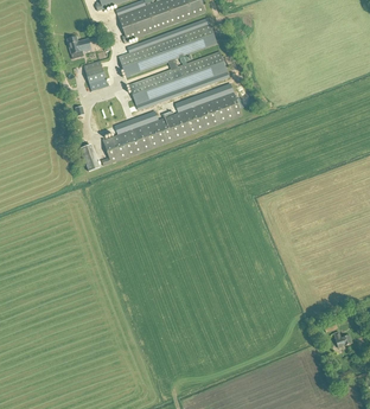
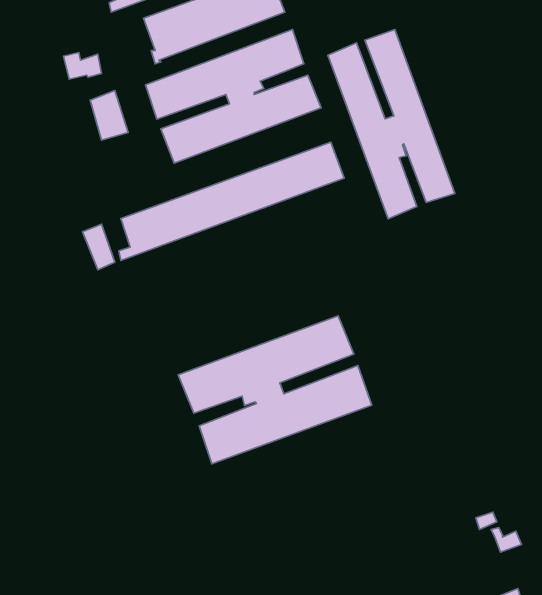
building: none -> [328,30,455,219]
building: none -> [178,316,372,464]

